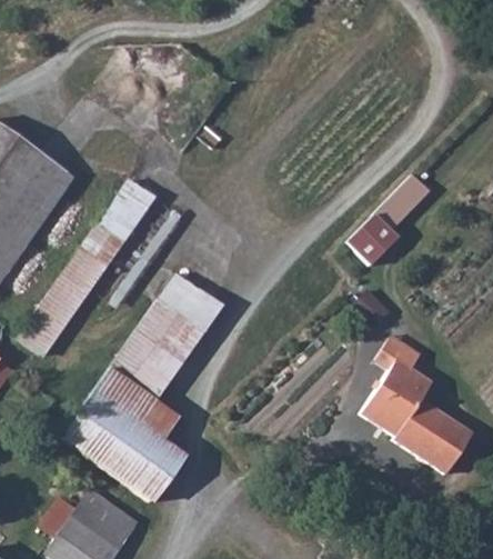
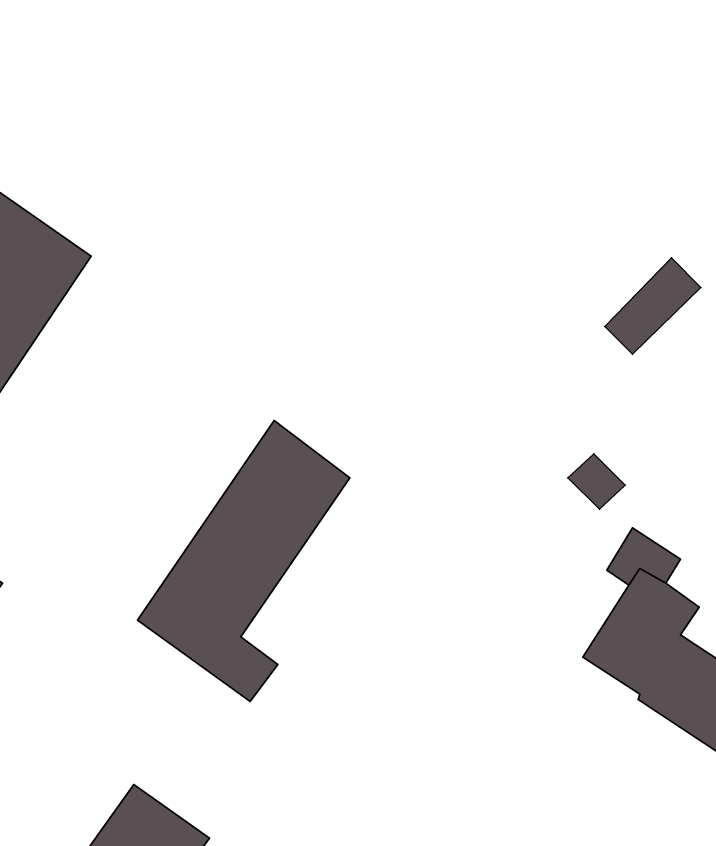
building: [20,180,151,356] -> none
building: [348,214,399,264] -> none
building: [63,391,185,501] -> none

